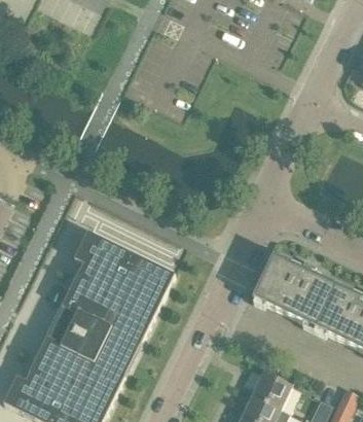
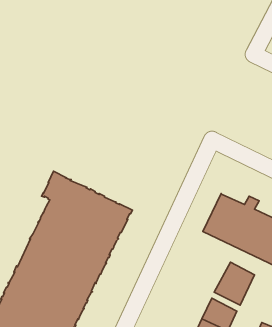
building: none -> [214,262,255,305]

